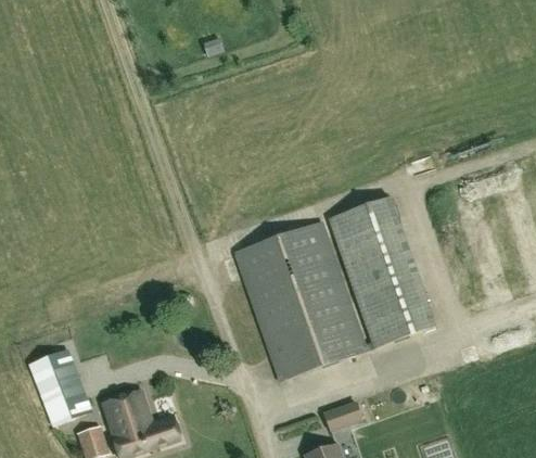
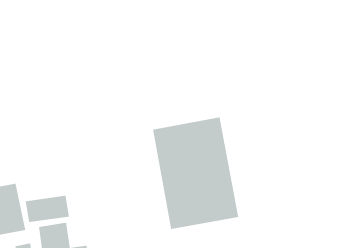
building: [326,198,432,349] -> none
building: none -> [25,195,70,223]

